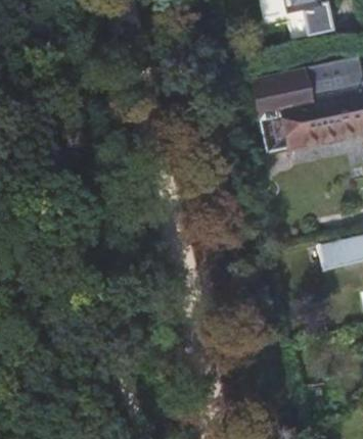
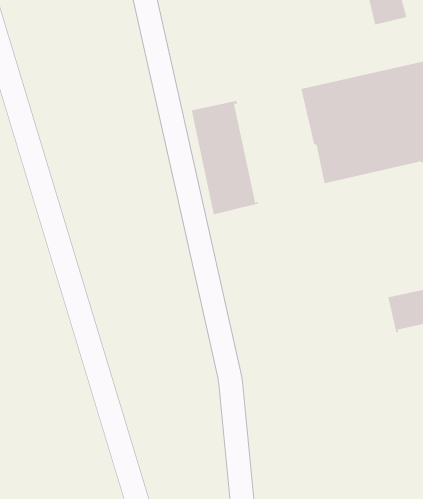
building: none -> [191,100,258,215]

